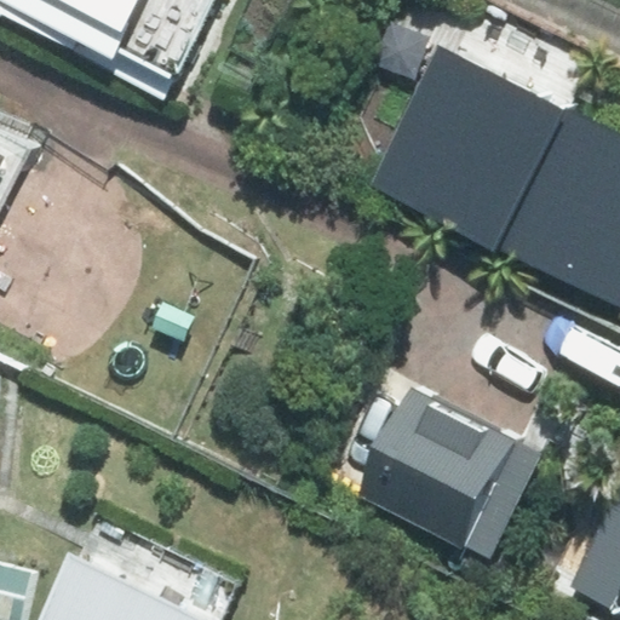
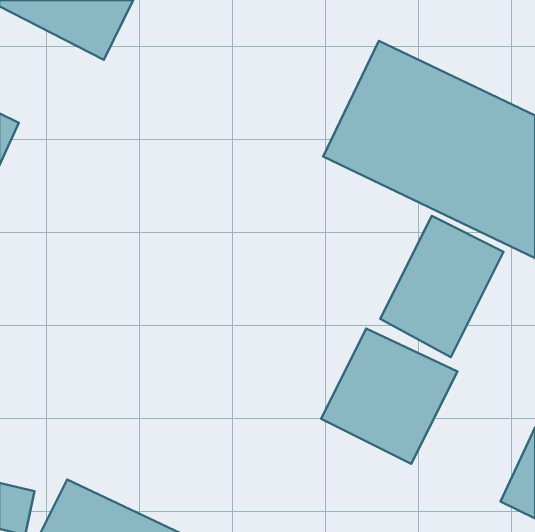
building: none -> [380,216,503,357]

